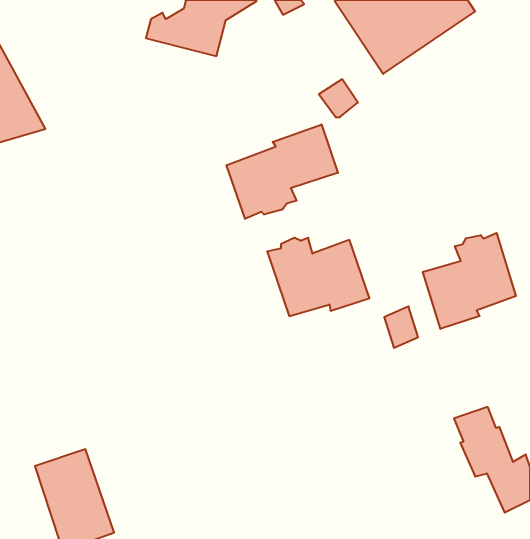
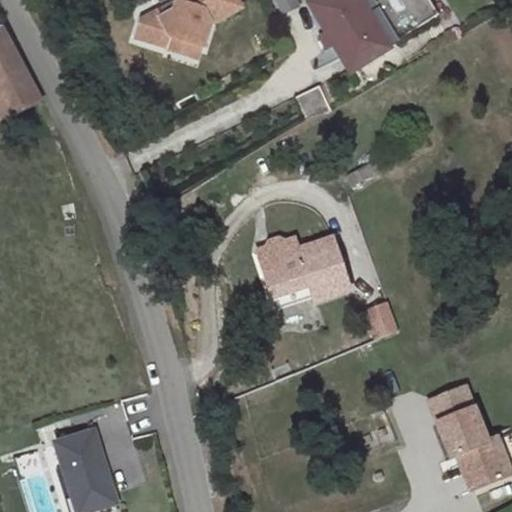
building: [227,124,338,219] -> none
building: [423,233,516,329] -> none

